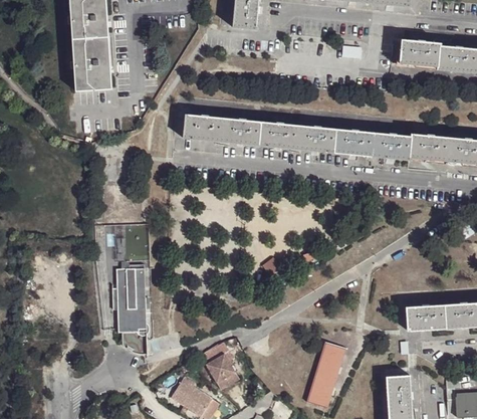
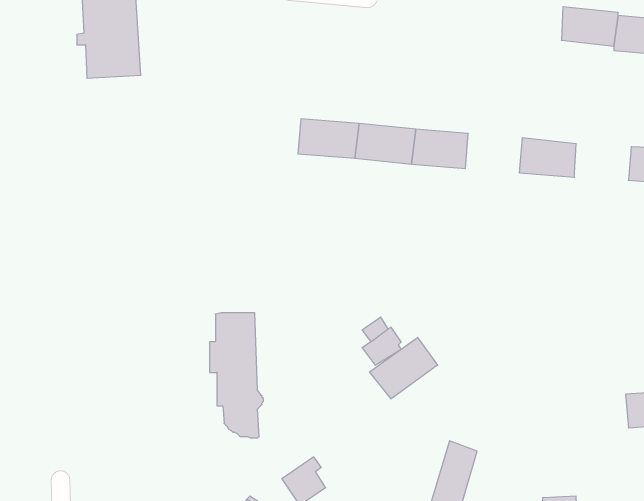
building: [184,115,221,142] -> none
building: [334,128,374,155] -> none
building: [410,133,449,160] -> none
building: [110,266,148,353] -> [210,313,263,438]
building: none -> [370,337,438,399]
building: [407,307,447,333] -> none

